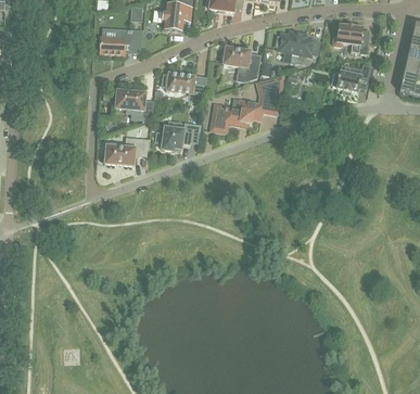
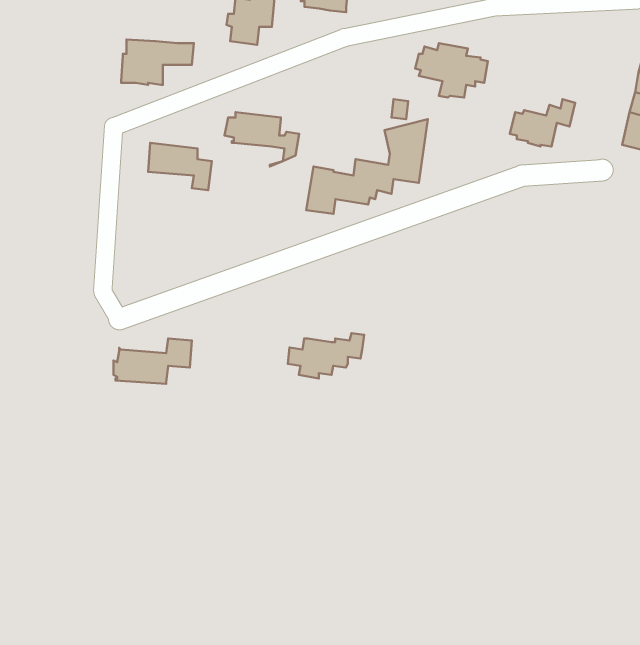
building: [332,23,368,52] -> none
building: [220,45,258,79] -> none
building: [154,122,200,149] -> [288,333,364,378]
building: [102,137,149,164] -> [114,339,192,384]

